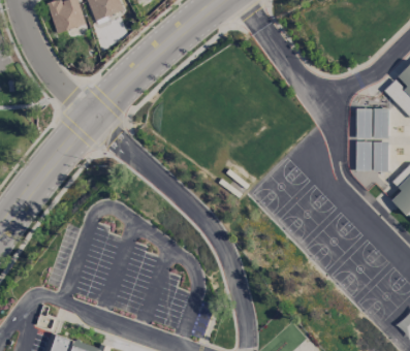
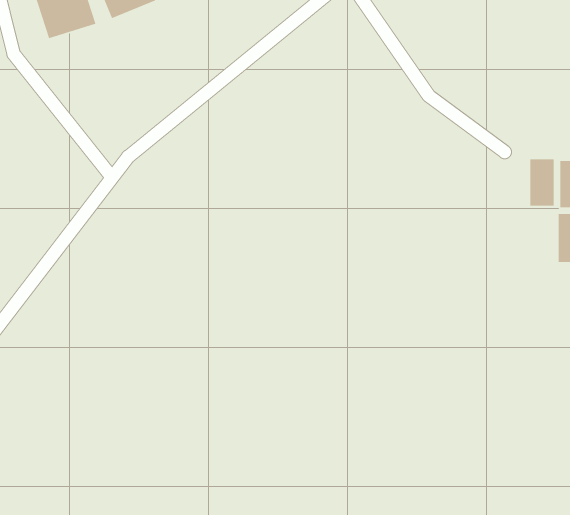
building: [356,141,372,171] -> none

